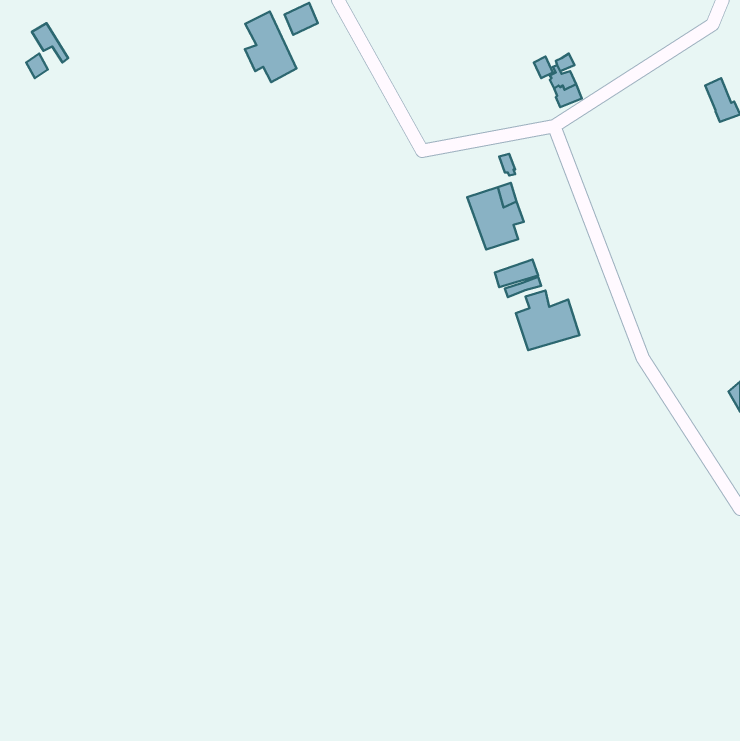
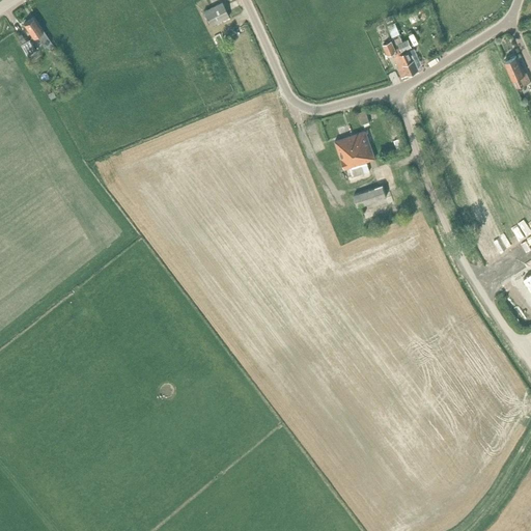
building: [245,11,296,82] -> none
building: [516,291,580,350] -> none

